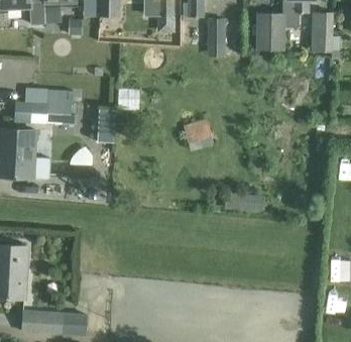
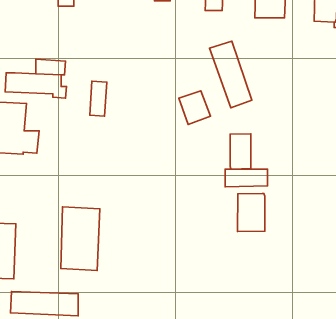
building: none -> [209,41,252,108]
building: none -> [230,134,251,169]
building: none -> [238,193,265,231]
building: none -> [61,207,100,271]

